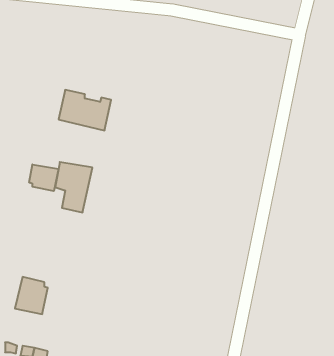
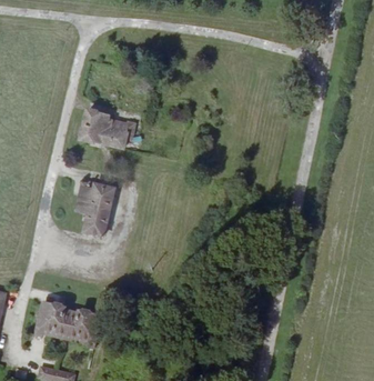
building: [29,164,59,191] -> none
building: none -> [62,305,100,344]

